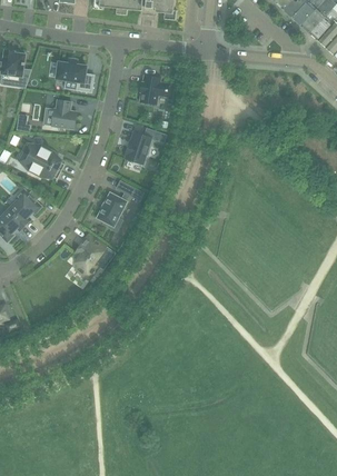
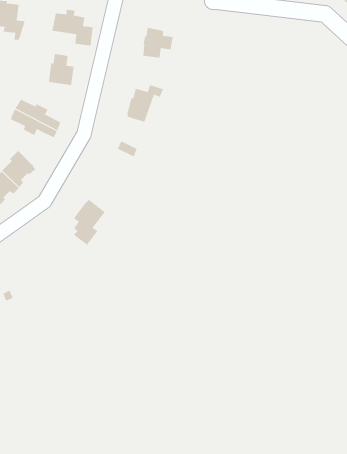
building: [96,191,128,231] -> none

